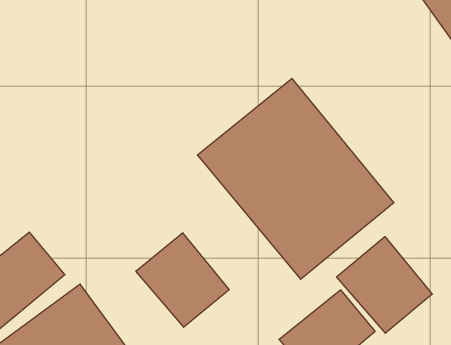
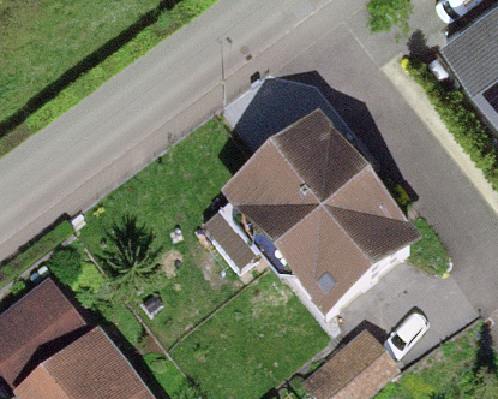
building: [136,233,229,327] -> none
building: [337,237,432,333] -> none

